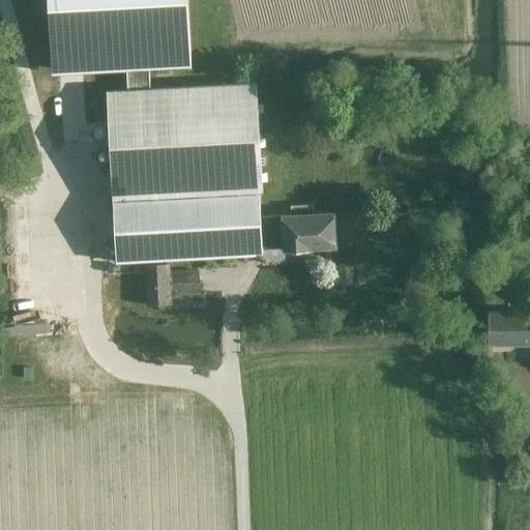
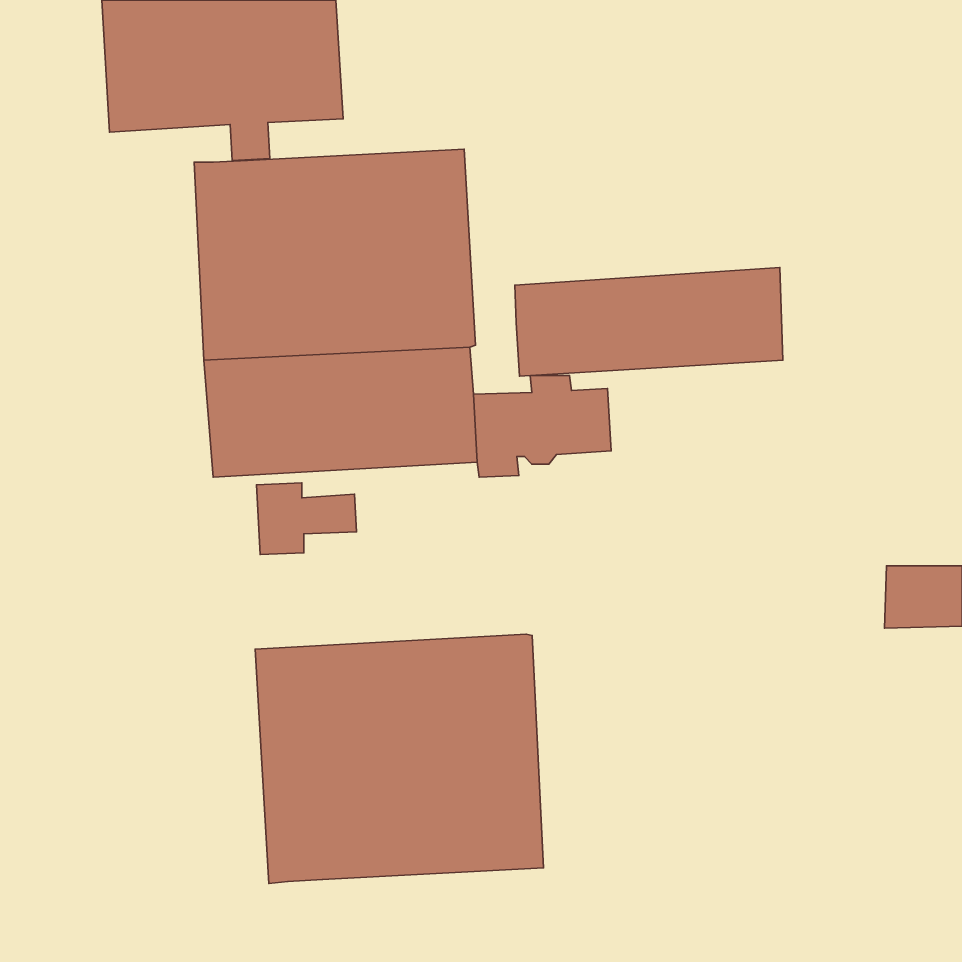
building: none -> [515,268,783,376]
building: none -> [255,634,544,884]

